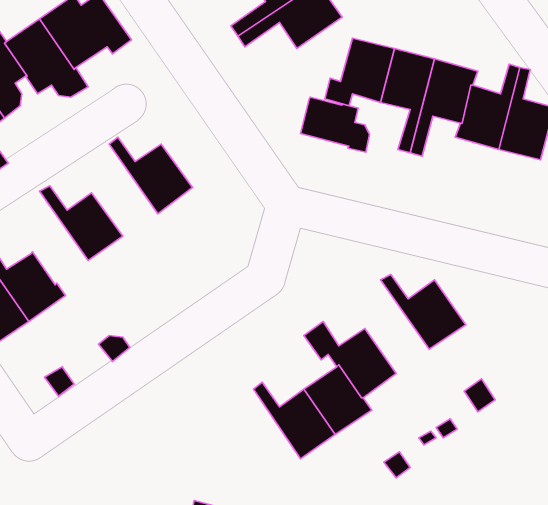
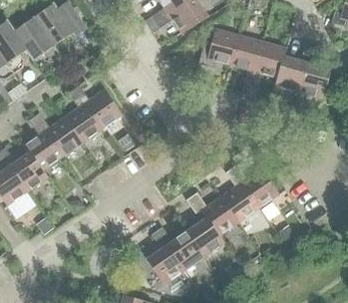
building: [300,97,369,152] -> none
building: none -> [63,88,101,141]
building: none -> [23,115,61,170]
building: none -> [221,167,258,221]
building: none -> [145,230,184,284]

